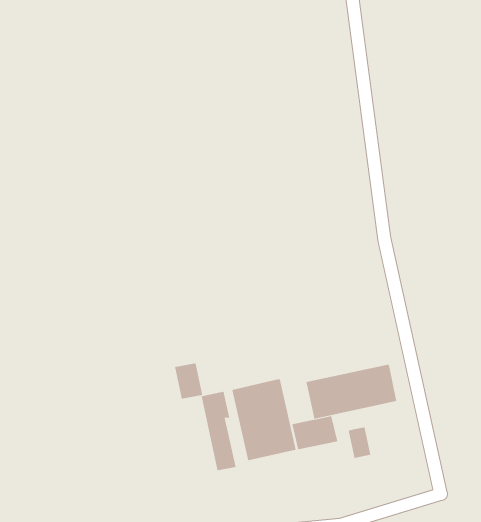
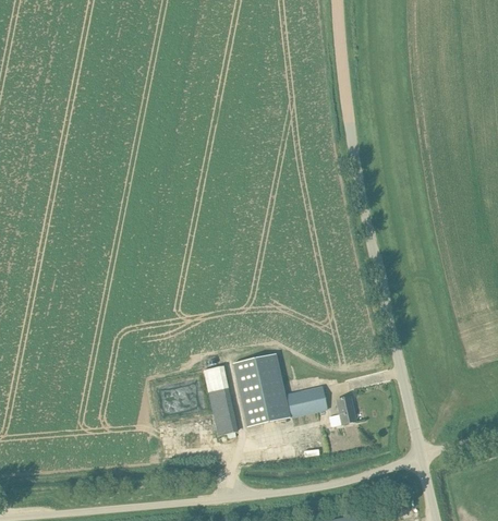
building: [174,362,203,400] -> none
building: [306,364,397,419] -> none

